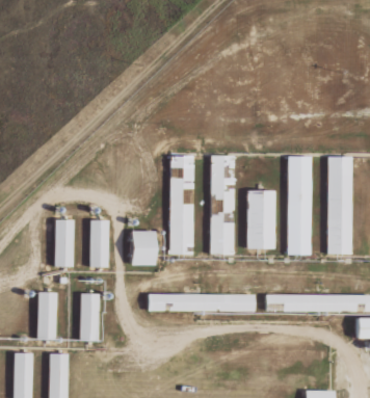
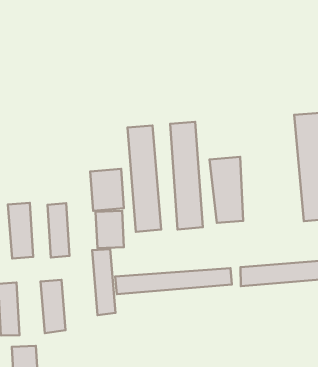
building: [287,158,314,258] -> none
building: none -> [90,169,124,211]
building: none -> [92,249,115,315]

